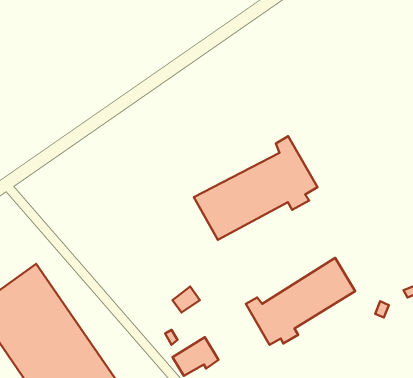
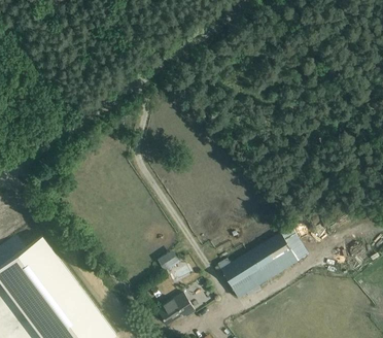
building: [194,136,318,240] -> none

